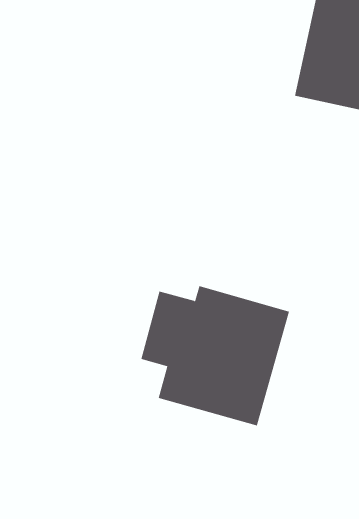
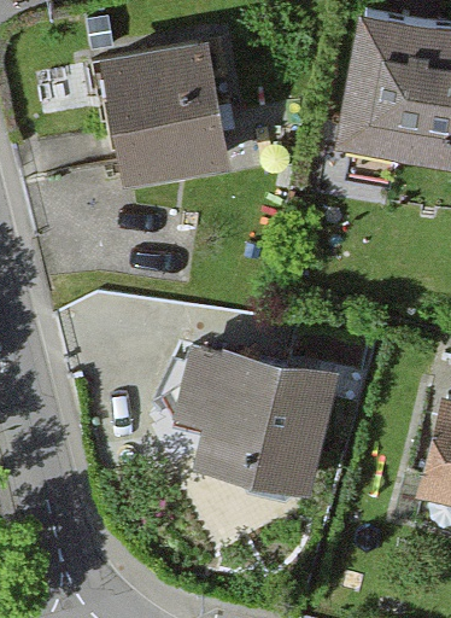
building: none -> [102,42,232,196]

